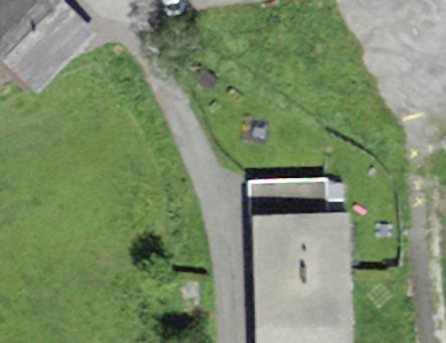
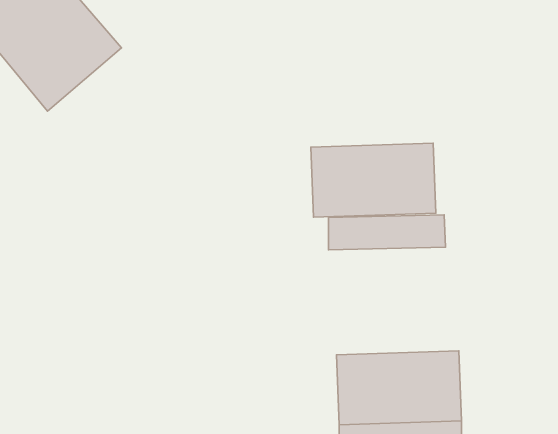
building: [253,218,346,274] -> [311,143,436,217]

